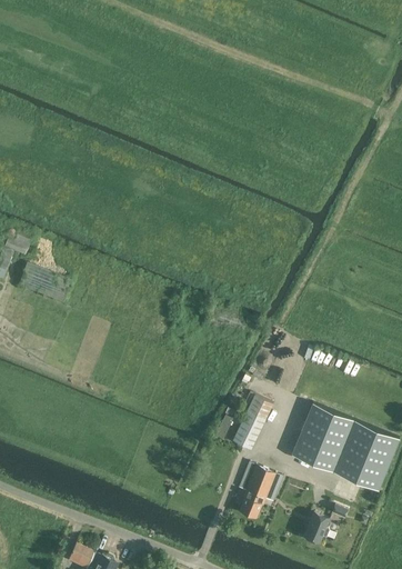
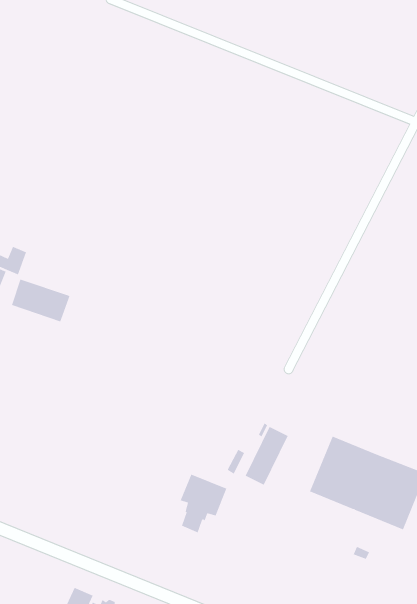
building: [239,462,282,517] -> [180,474,227,533]
building: [303,512,329,543] -> none

